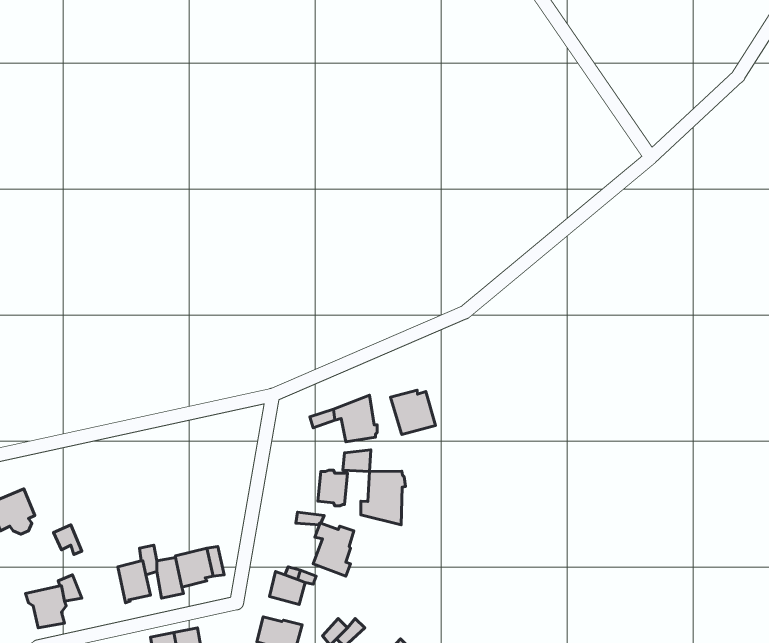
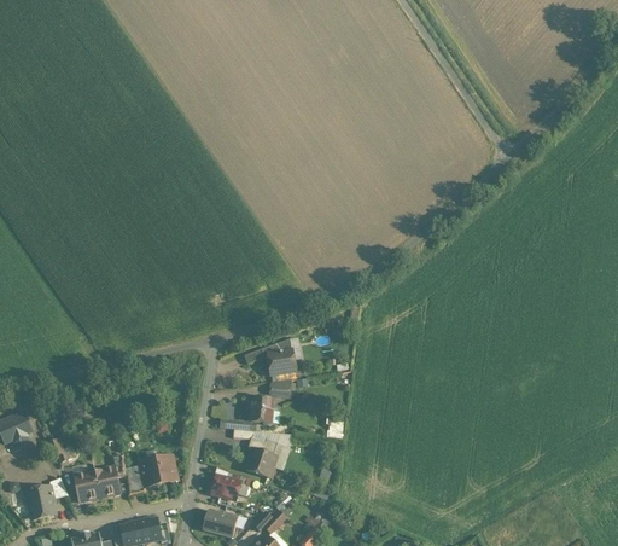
building: [390,390,436,434] -> none
building: [361,471,405,525] -> none
building: none -> [74,471,101,501]

